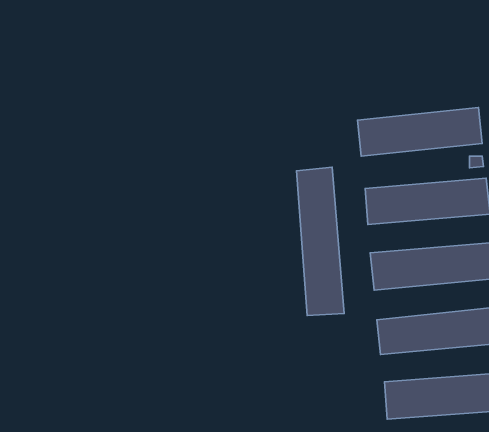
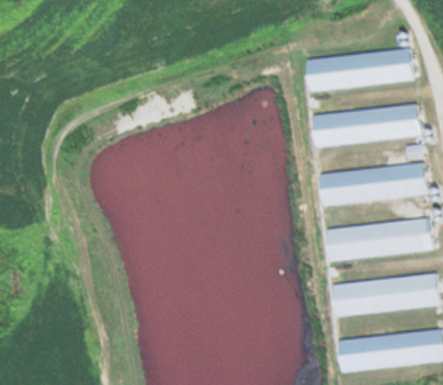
building: none -> [307,50,413,90]
building: [296,167,344,316] -> none

